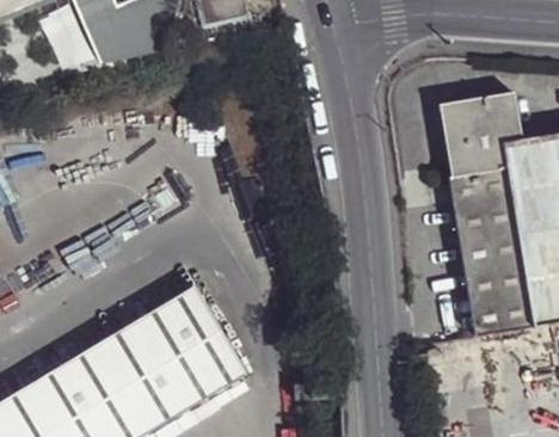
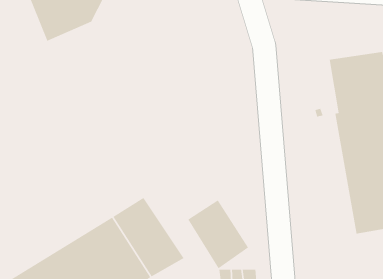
building: none -> [188,199,249,269]

